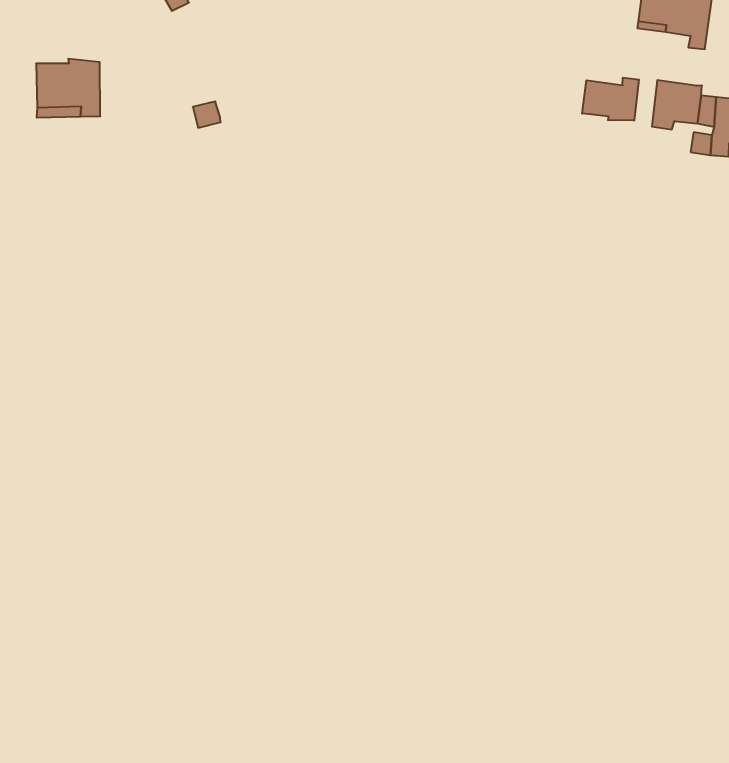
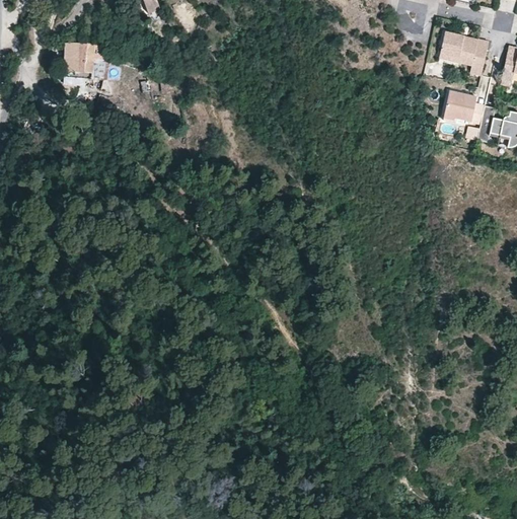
building: [582,78,639,121] -> none

